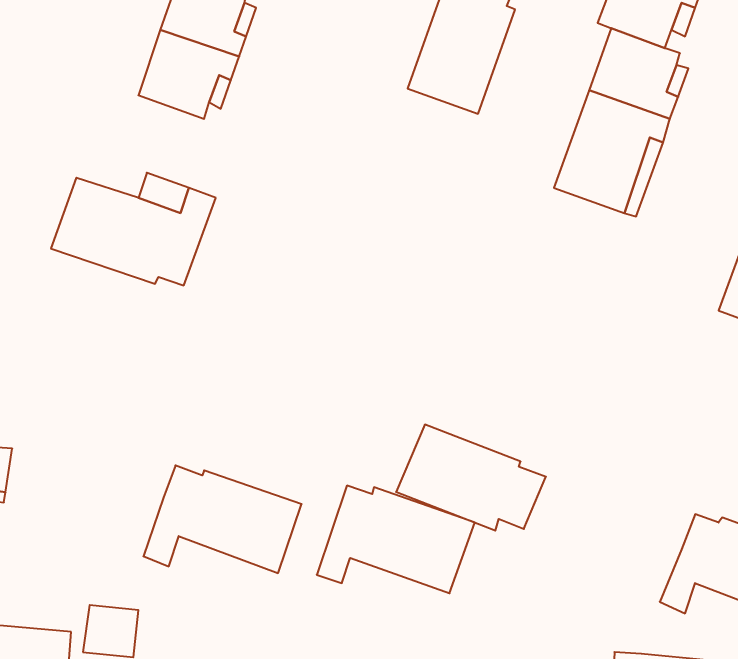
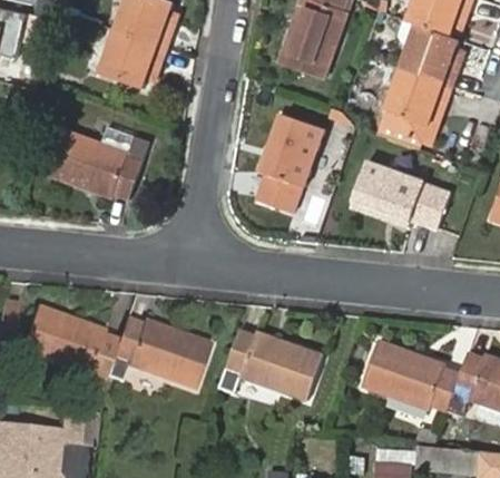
building: none -> [252,113,318,214]
building: none -> [345,158,445,227]
building: [396,425,546,531] -> [362,339,461,409]
building: none -> [22,304,118,390]

